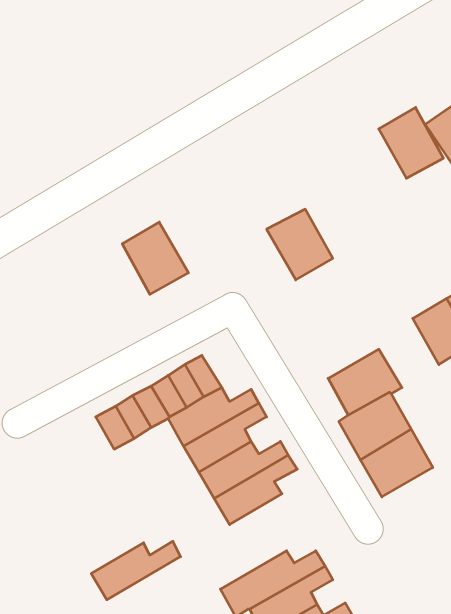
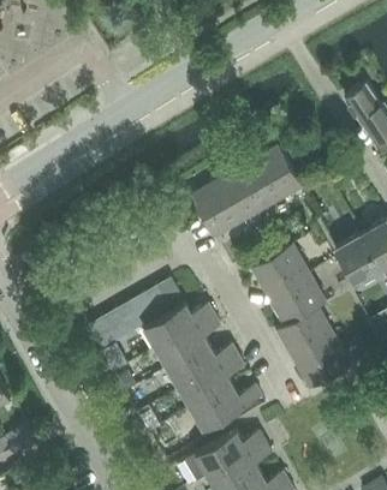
building: [379,107,443,178] -> [251,148,302,203]
building: [122,222,188,294] -> [192,180,244,237]
building: none -> [252,245,309,297]
building: [91,541,181,600] -> [192,386,262,431]

